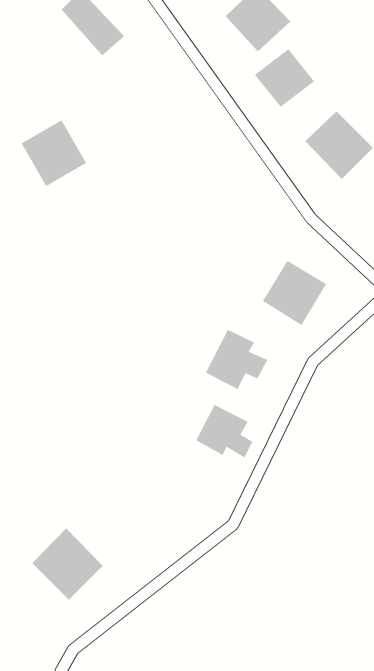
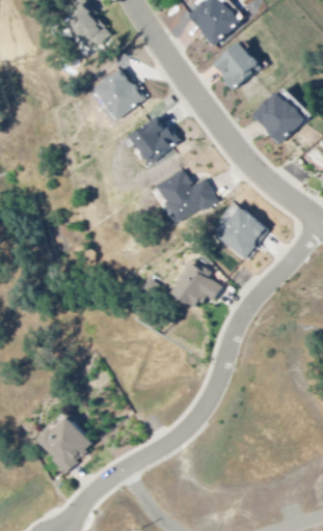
building: [21,119,87,187] -> [91,67,143,120]
building: none -> [126,114,178,165]
building: none -> [156,169,217,224]
building: [195,404,253,458] -> none

